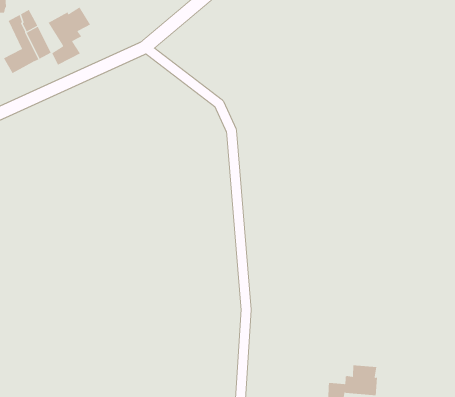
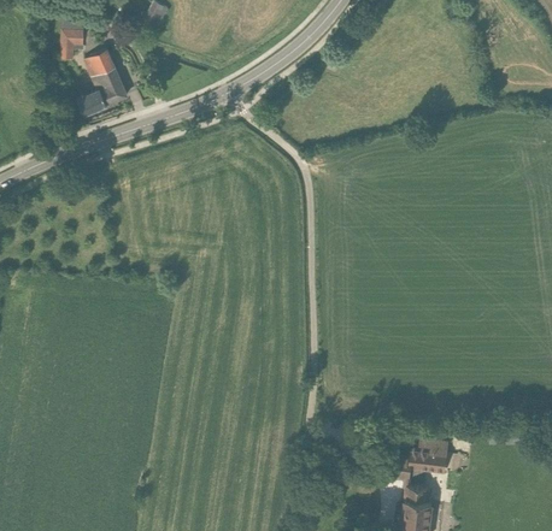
building: [48,7,91,66] -> none

